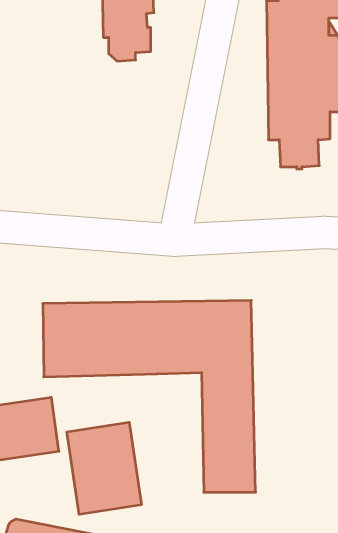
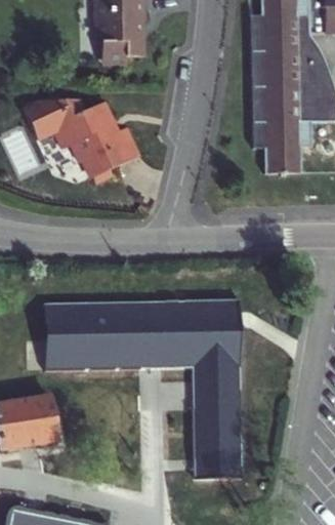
building: none -> [18,106,140,186]
building: [67,422,141,514] -> none

